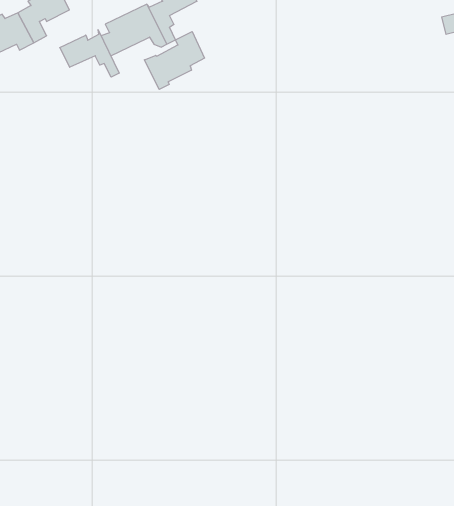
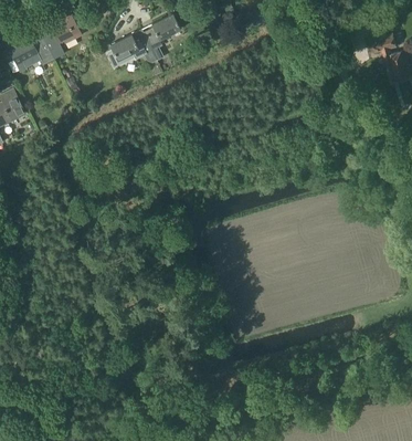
building: [60,30,119,77] -> none
building: [144,32,204,89] -> none

